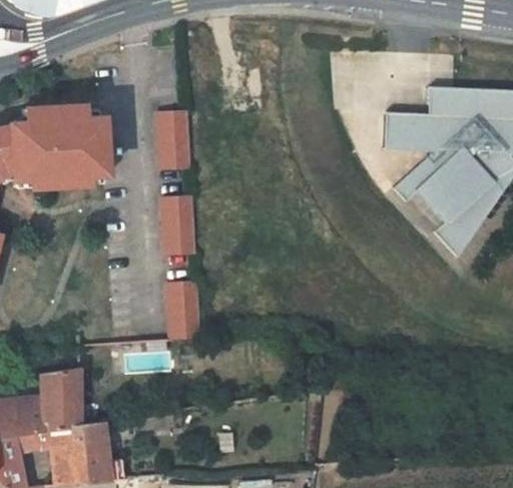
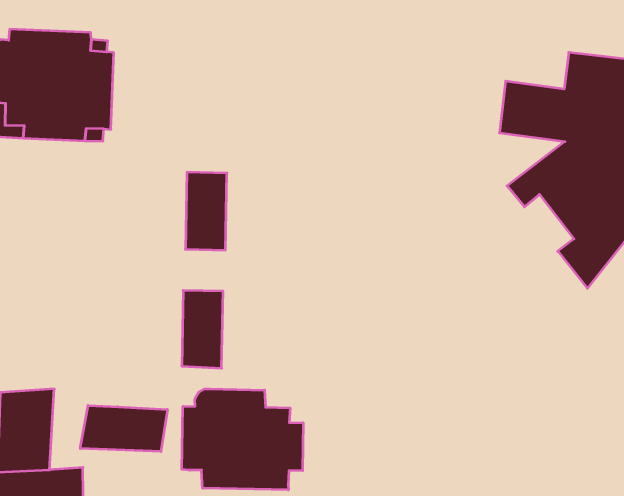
building: [155,112,188,169] -> none
building: none -> [182,389,303,490]
building: none -> [80,405,167,452]

